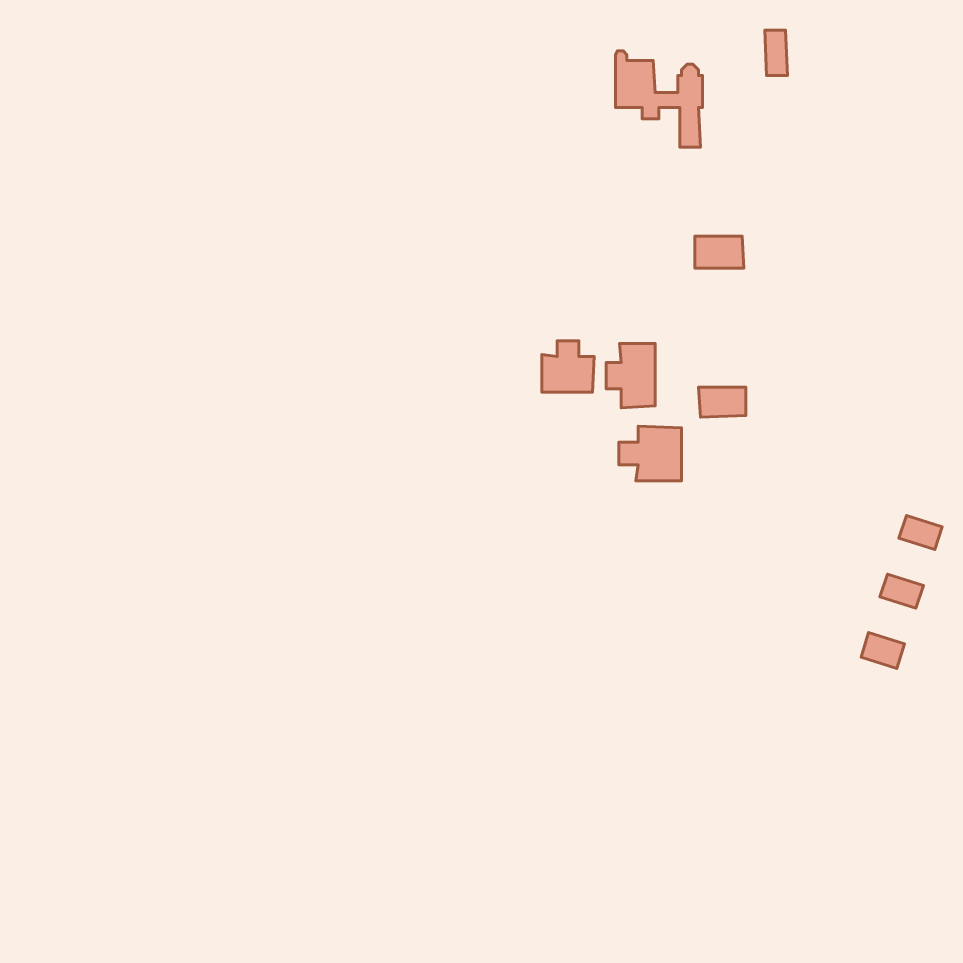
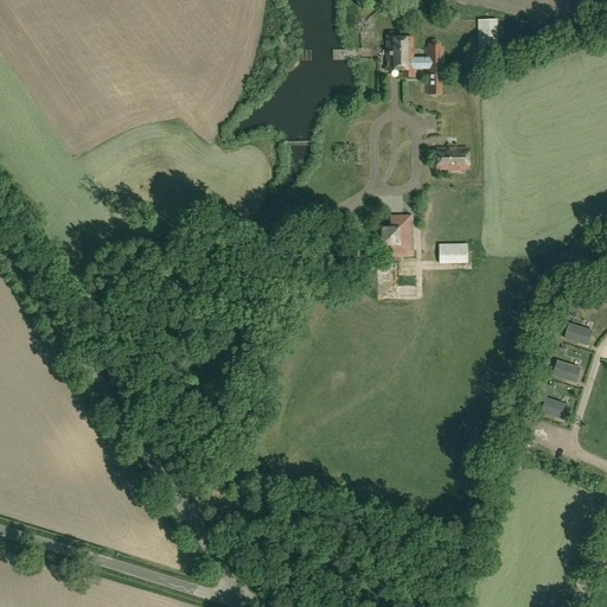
building: [542,341,594,392] -> none
building: [619,426,681,481] -> none

